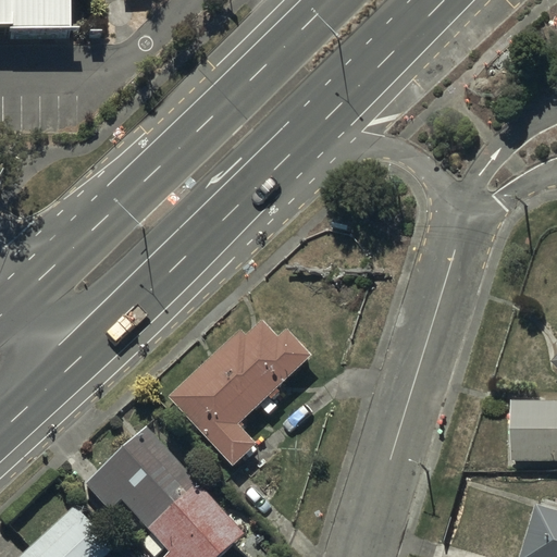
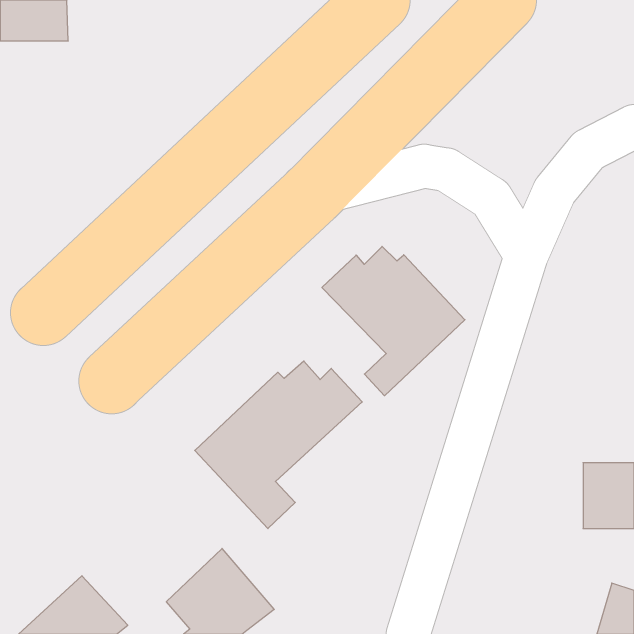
building: none -> [322,246,465,396]
building: [83,425,195,528] -> none

